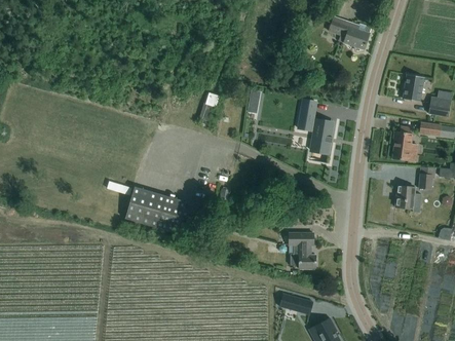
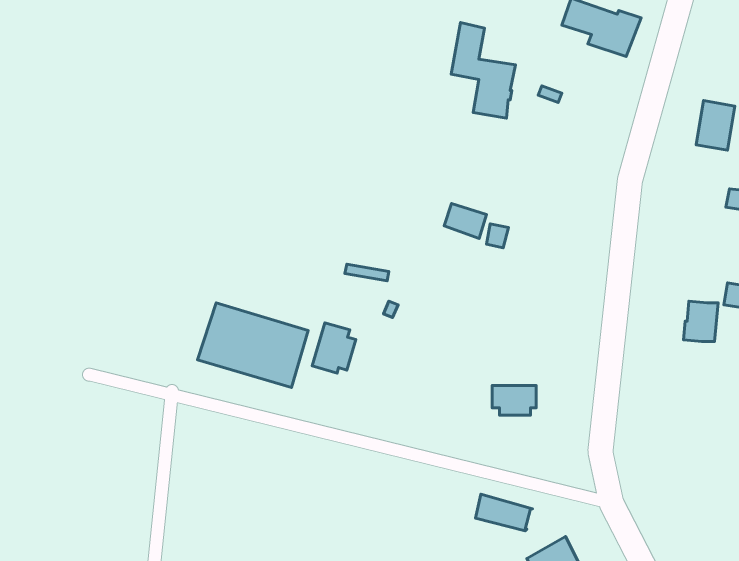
building: [298,100,334,153] -> [451,23,516,118]
building: [392,126,417,161] -> none
building: none -> [312,323,356,373]
building: [290,250,315,269] -> none

